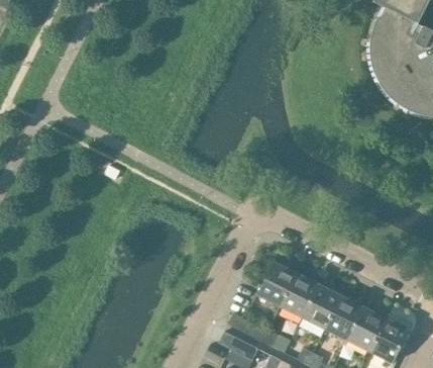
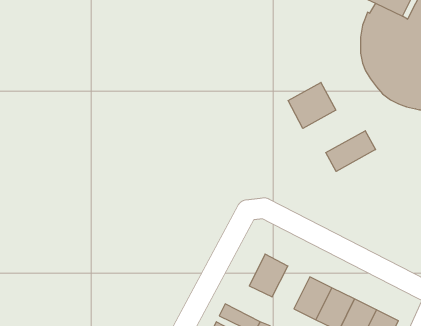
building: none -> [288,82,336,128]
building: none -> [326,131,376,171]
building: [281,275,319,318] -> none

